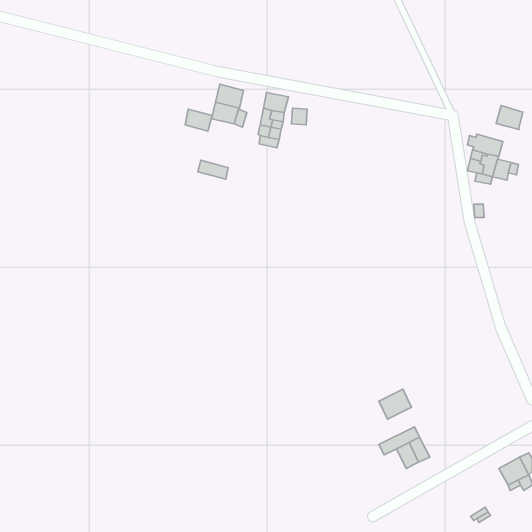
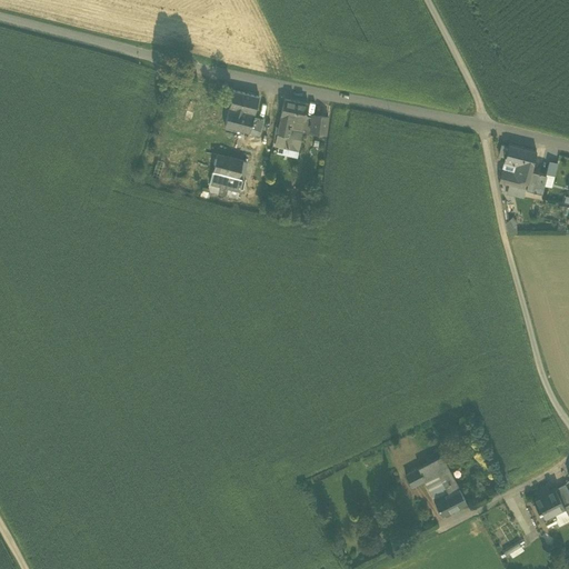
building: [496,106,523,130] -> none
building: [185,109,212,131] -> [214,154,243,178]
building: [379,389,411,419] -> none
building: none -> [433,488,466,515]

